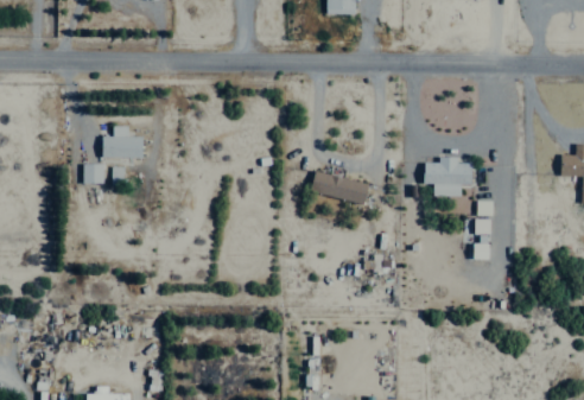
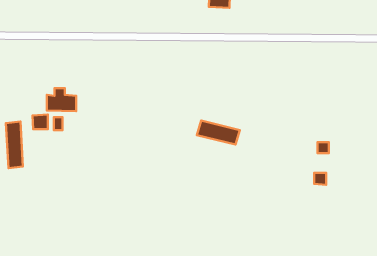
building: [425,157,472,196] -> none
building: none -> [6,121,23,168]

